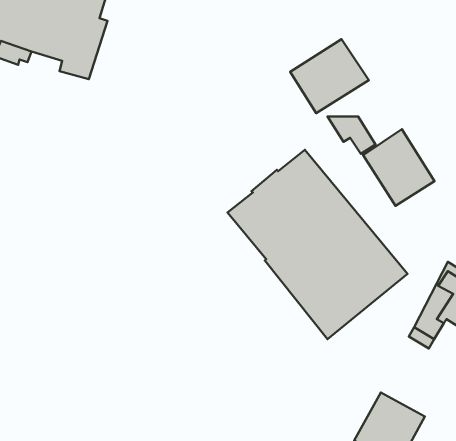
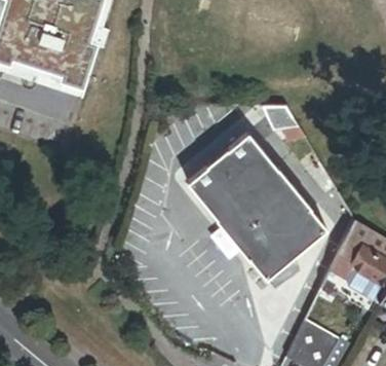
building: [290,39,369,113] -> none
building: [363,129,435,206] -> none

